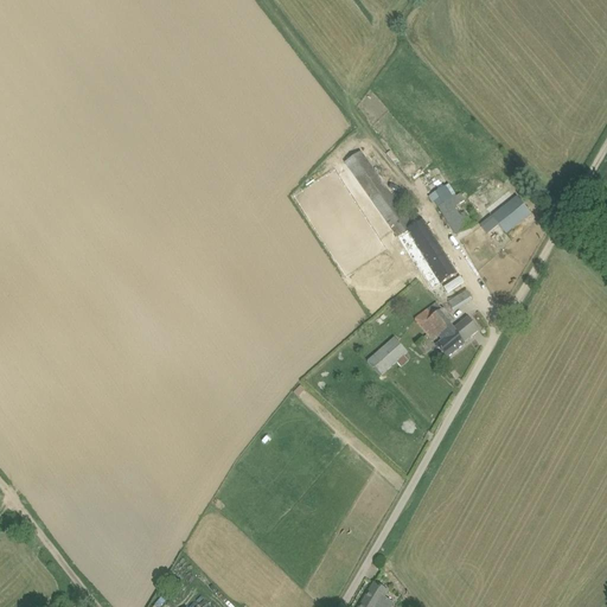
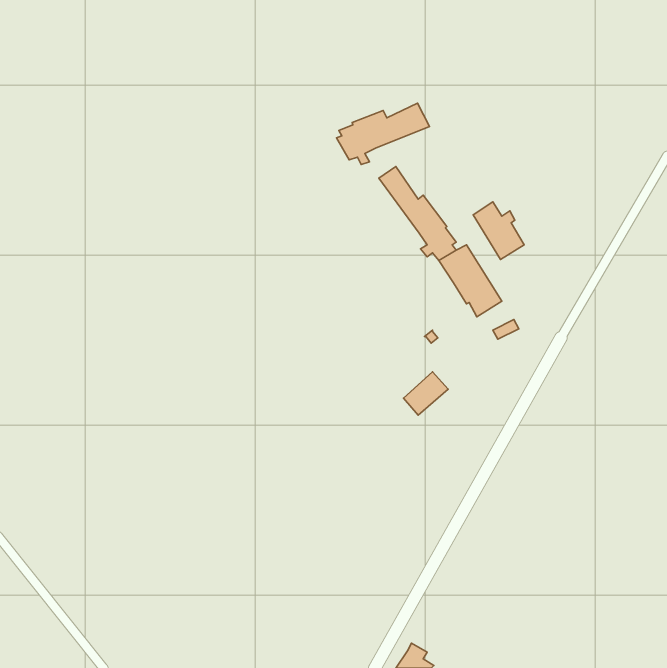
building: none -> [337,103,430,164]
building: [477,194,529,242] -> none
building: [413,301,477,358] -> none

